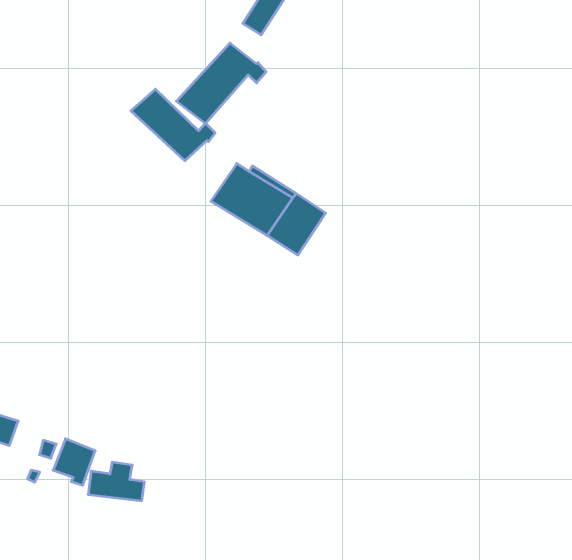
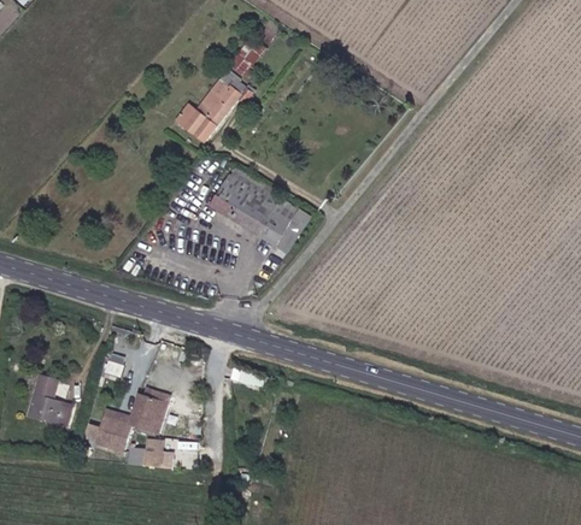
building: [131,89,215,161] -> none
building: none -> [133,388,171,431]

